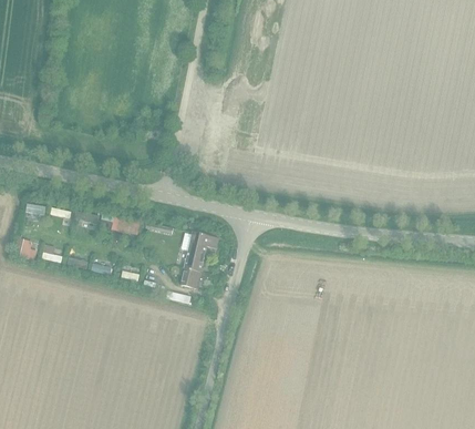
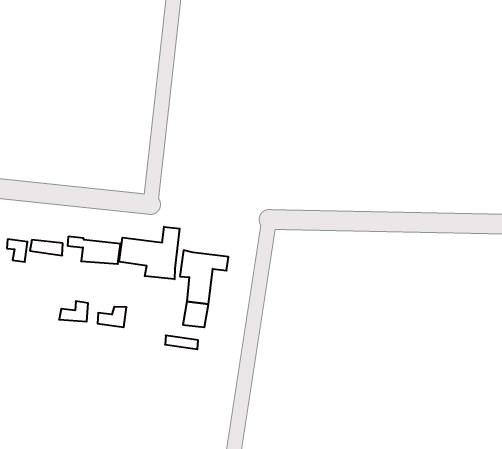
building: none -> [119,227,180,279]

